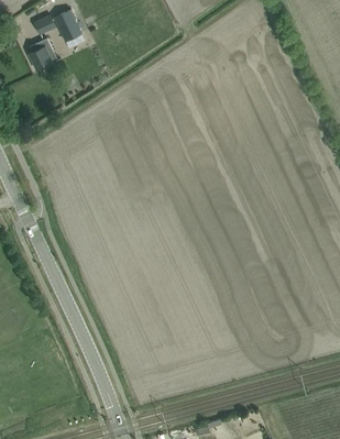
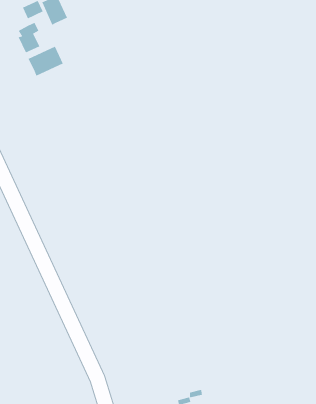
building: none -> [28,46,63,77]

